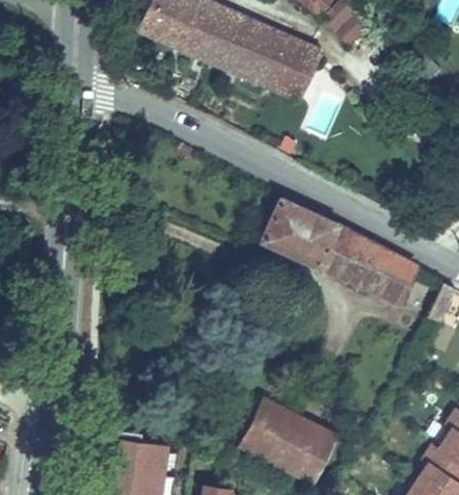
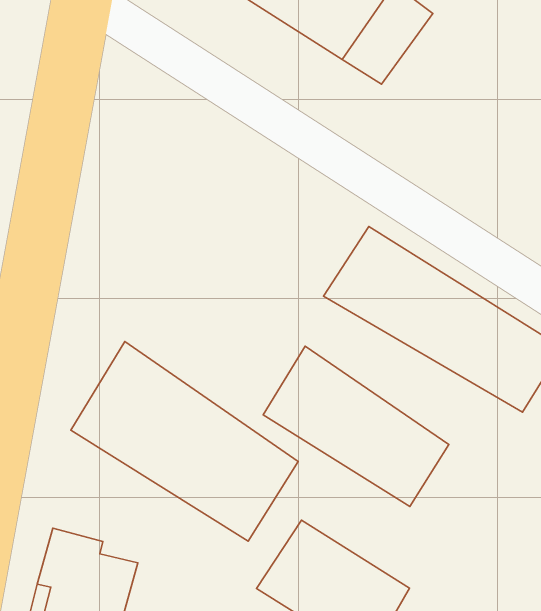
building: none -> [263,346,449,507]
building: none -> [71,342,298,541]

